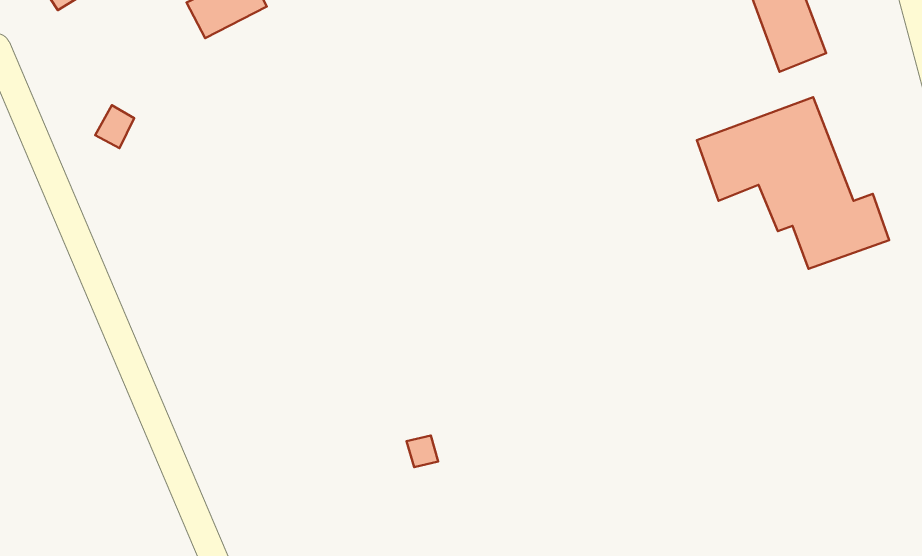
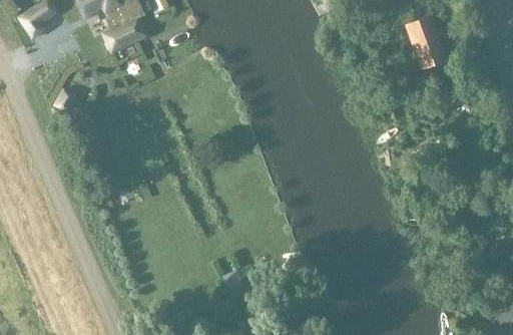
building: [697,97,889,269] -> none

